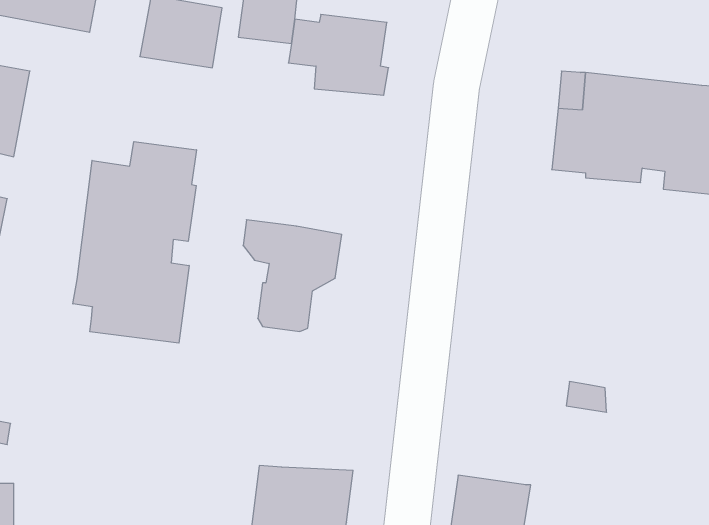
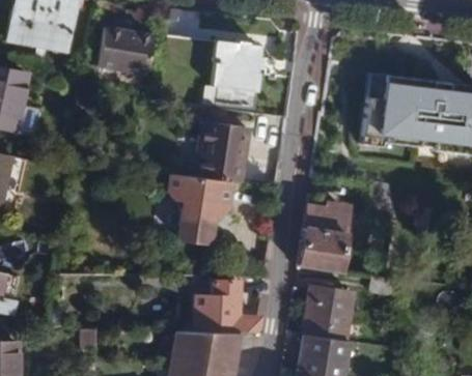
building: none -> [200,120,281,190]
building: [73,142,196,343] -> none
building: none -> [300,205,352,270]
building: none -> [192,280,260,334]
building: none -> [305,286,356,342]

